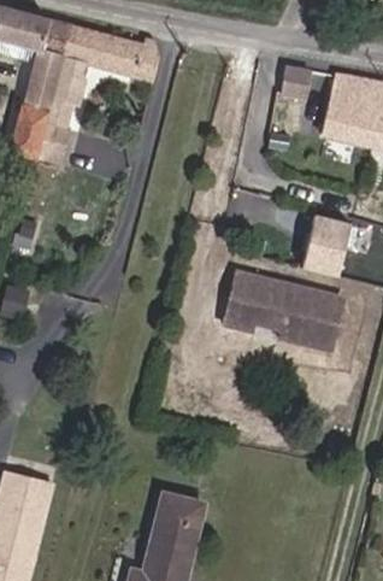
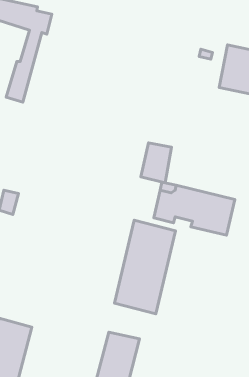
building: [36,29,157,164] -> none
building: [306,217,350,275] -> [141,143,172,183]
building: none -> [114,220,176,314]

